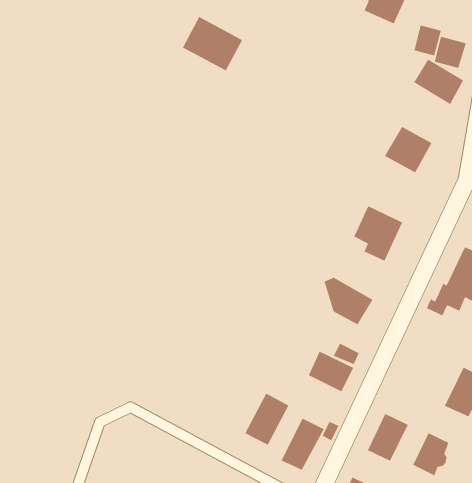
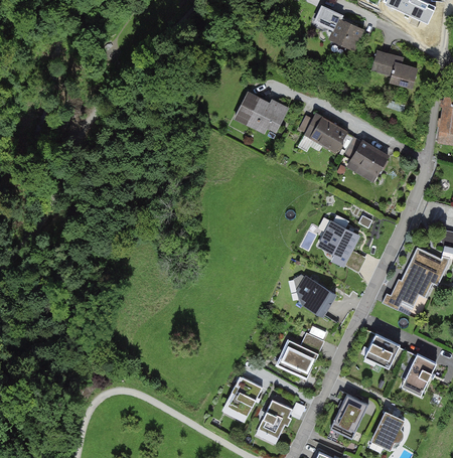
building: [182,16,243,72] -> [232,90,286,139]
building: [413,59,464,105] -> [302,112,347,153]
building: none -> [363,334,398,367]

